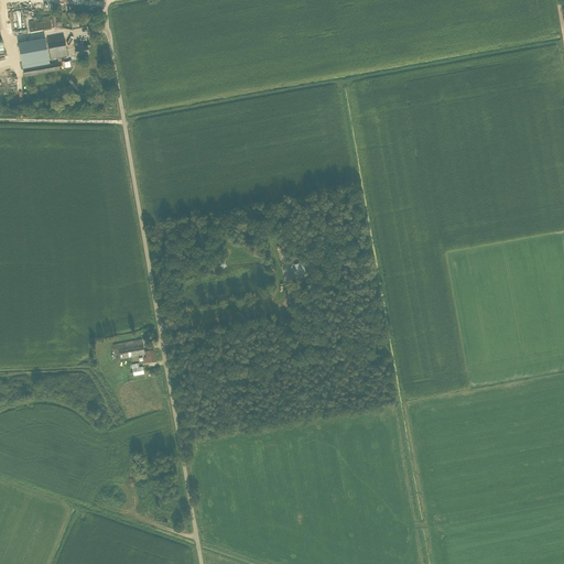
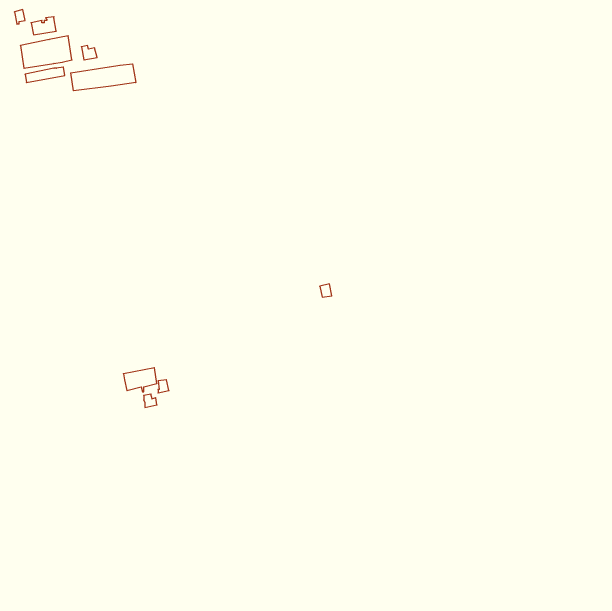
building: none -> [71,64,136,91]

